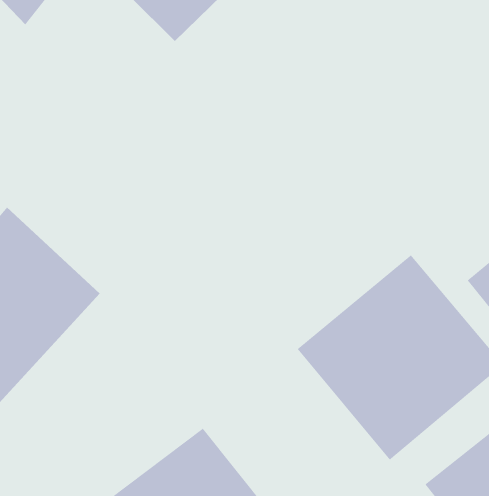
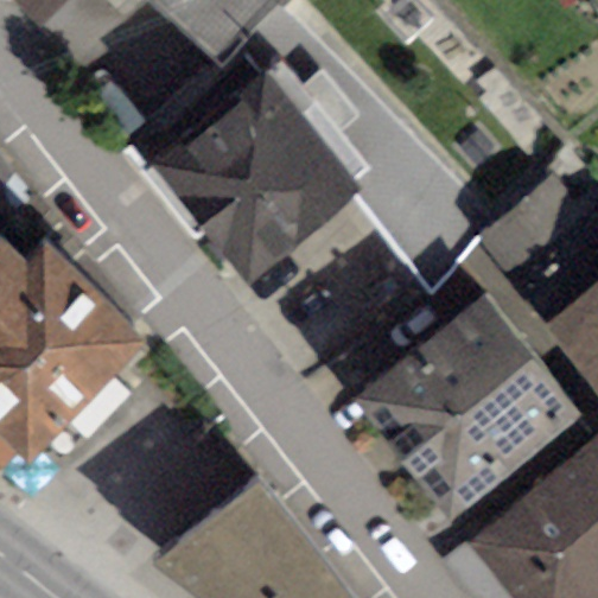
building: none -> [152,72,364,286]

